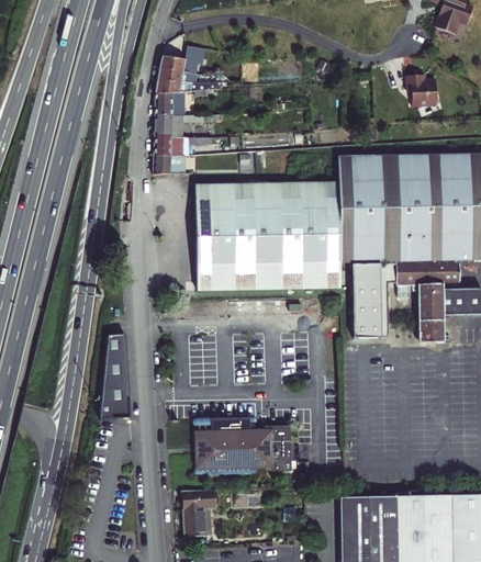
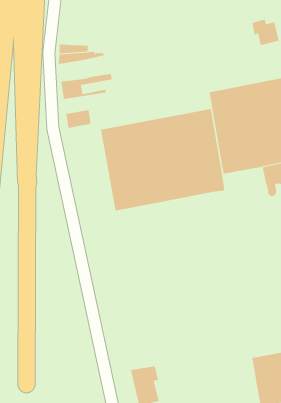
building: [160,46,204,75] -> none
building: [155,92,187,115] -> none
building: [155,137,201,156] -> none
building: [348,261,392,339] -> none
building: [99,335,130,420] -> none
building: [198,424,295,473] -> none

